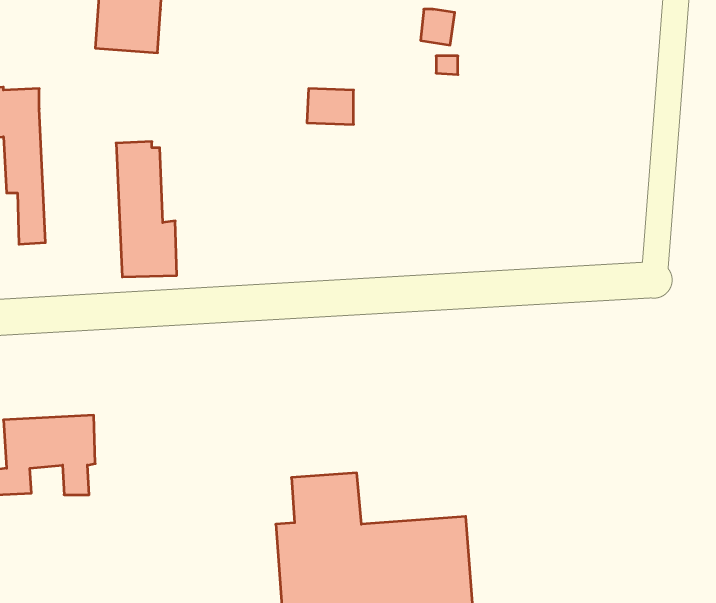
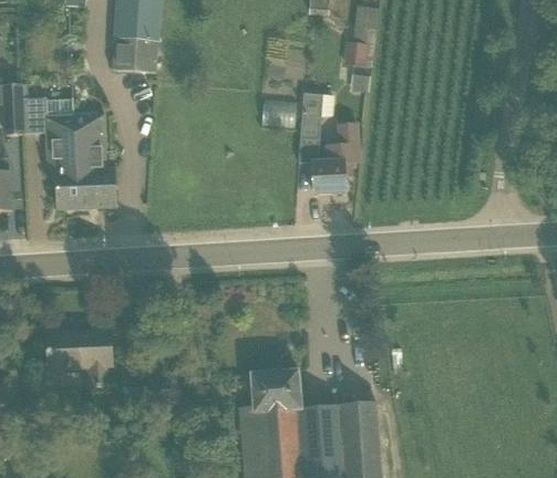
building: none -> [300,92,323,138]
building: none -> [312,123,361,193]
building: [116,142,177,277] -> [72,111,115,207]

